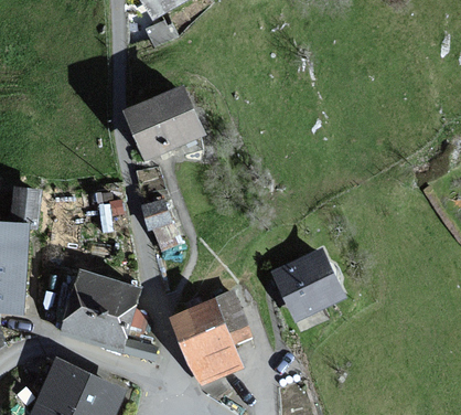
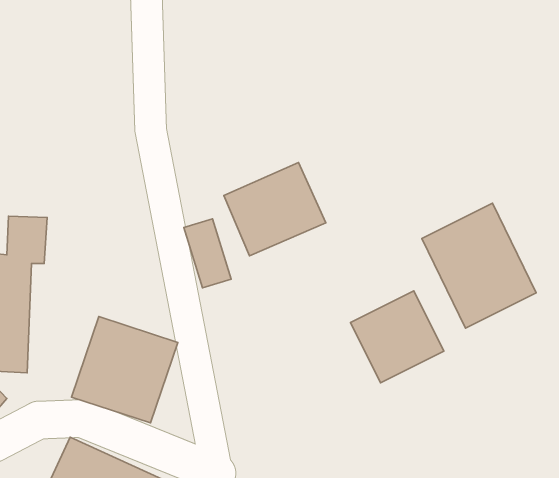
building: [124,86,202,158] -> [224,162,326,256]
building: none -> [422,203,536,328]
building: [170,291,247,384] -> none

